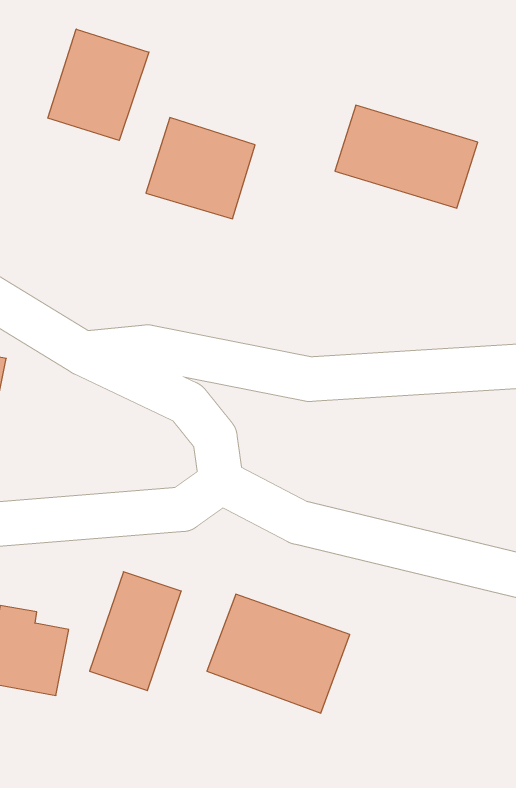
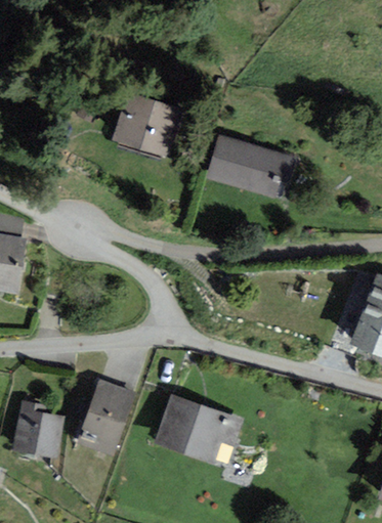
building: [48,29,149,140] -> none
building: [335,105,478,208] -> [205,135,296,201]

